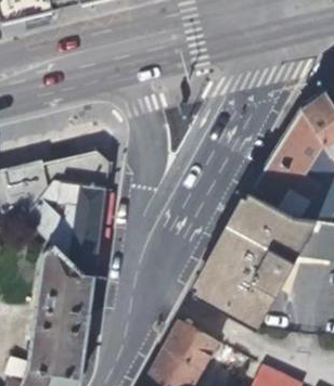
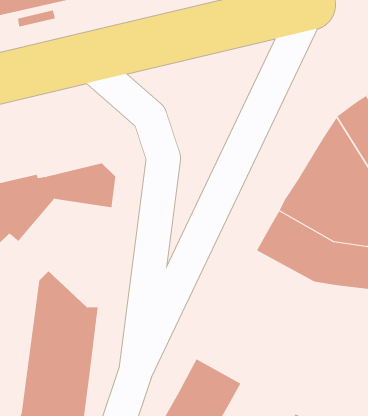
building: [24,181,105,274] -> none
building: [192,226,299,327] -> none

